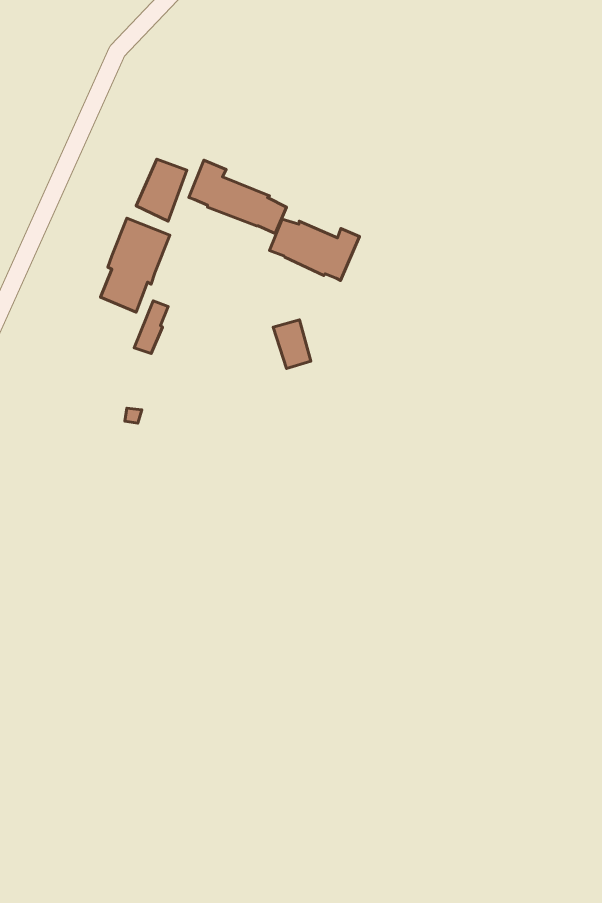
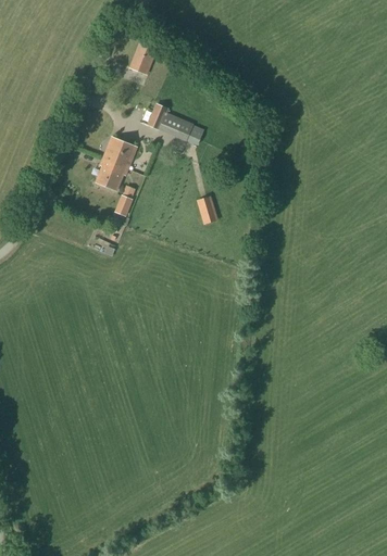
building: [136,159,187,221] -> [128,39,158,75]
building: [269,219,359,280] -> none

